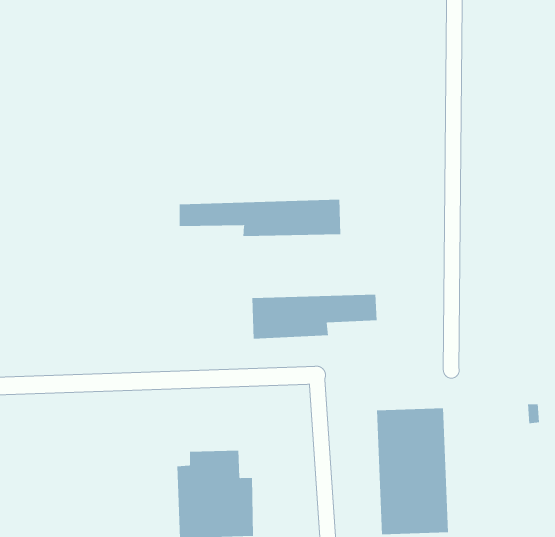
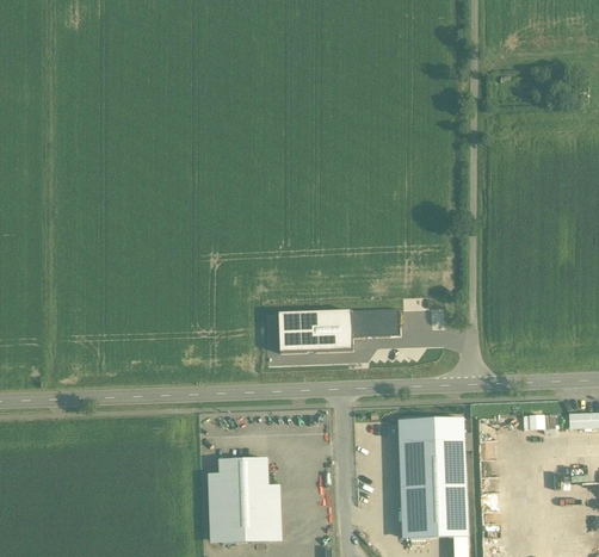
building: [179,199,341,237] -> none

